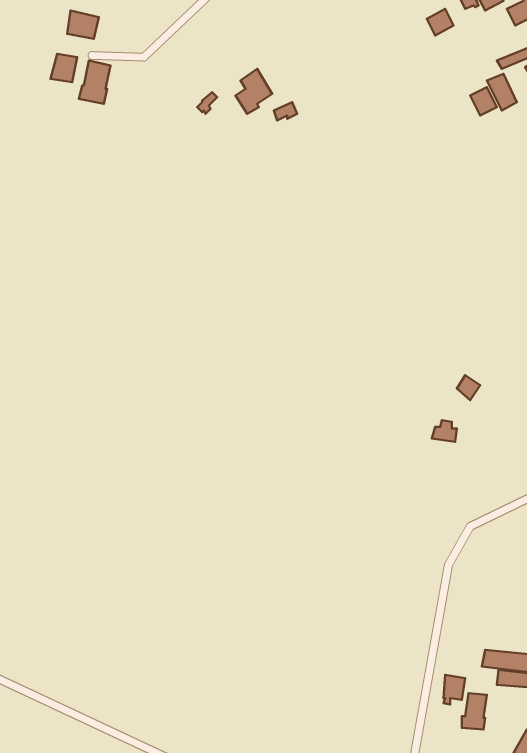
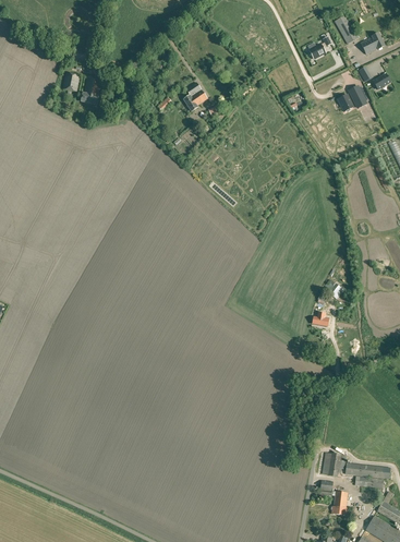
building: none -> [322,451,347,477]

